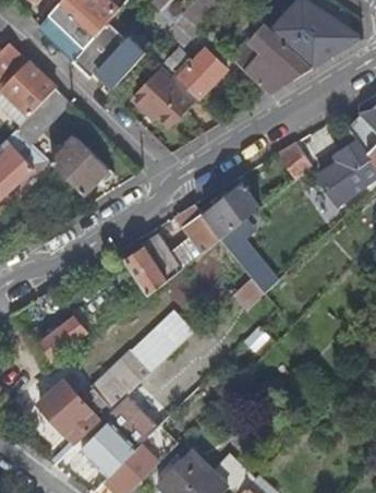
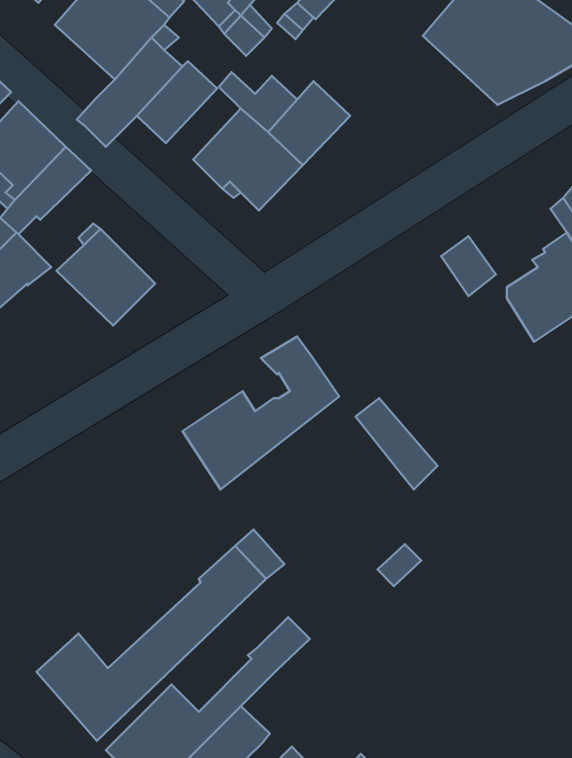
building: [232,26,312,94] -> none
building: [202,182,258,239] -> none
building: [38,309,85,358] -> none

